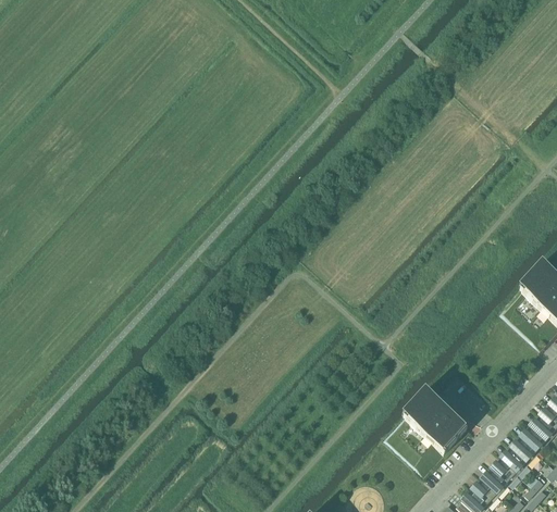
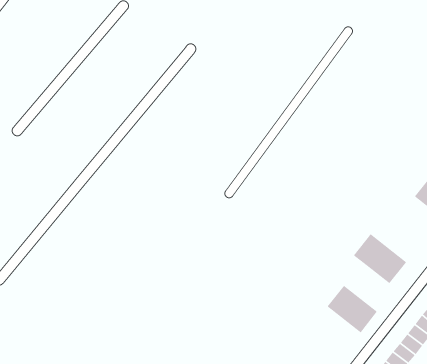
building: none -> [353,233,407,284]

